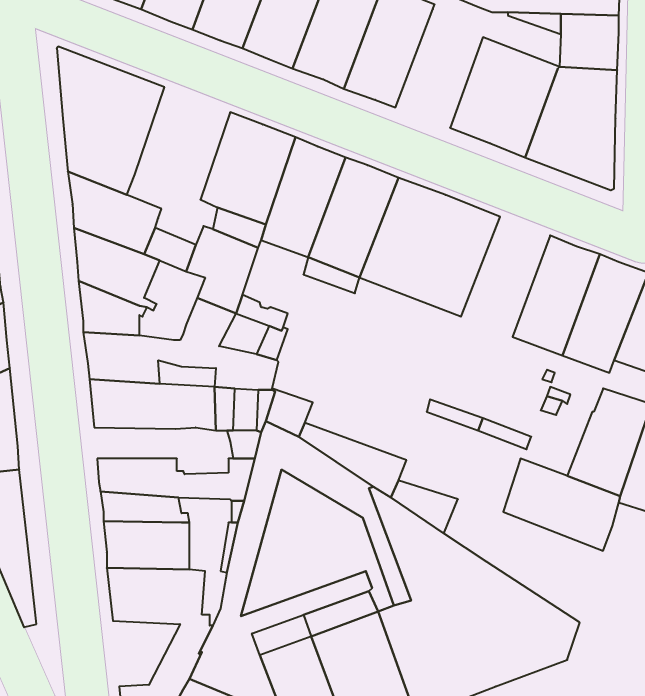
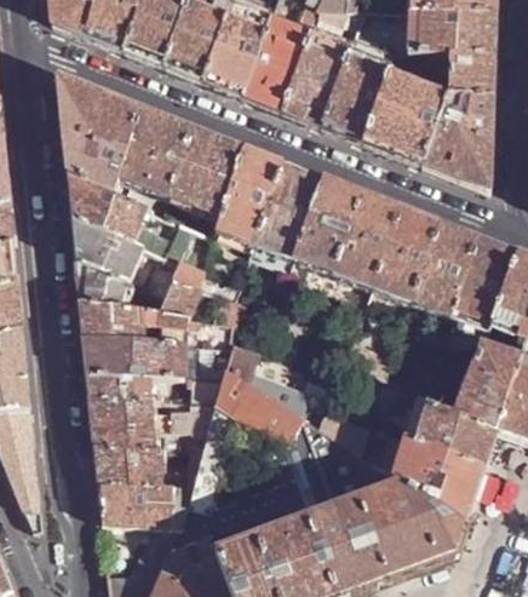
building: none -> [322,48,392,140]
building: none -> [120,109,194,196]
building: none -> [373,209,442,303]
building: none -> [88,373,168,397]
building: none -> [392,438,483,524]

